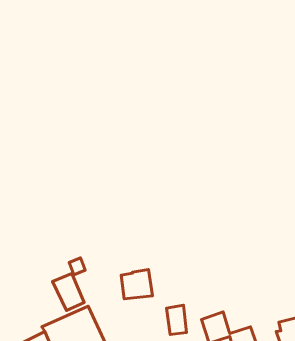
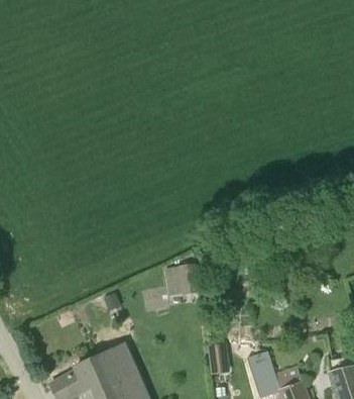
building: [121,269,152,299] -> [165,264,199,295]
building: [52,274,84,311] -> none

